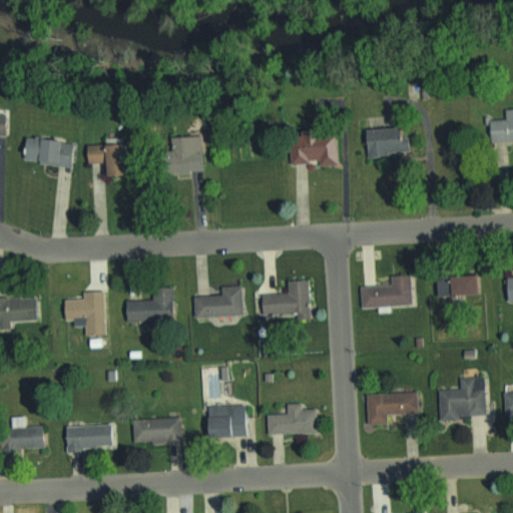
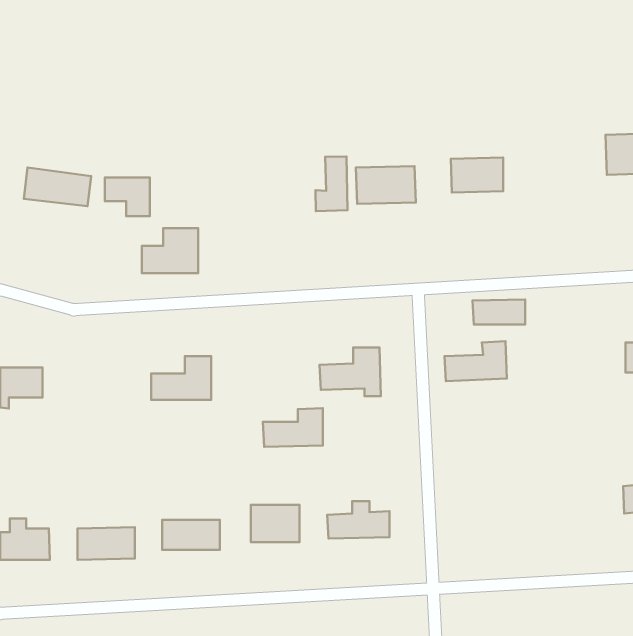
building: none -> [316,156,348,211]
building: [156,137,201,173] -> [142,228,198,273]
building: [436,276,478,296] -> [473,299,525,324]
building: [193,286,241,317] -> [263,408,323,447]
building: [64,292,104,336] -> none
building: [440,377,485,418] -> none
building: [367,392,417,425] -> none

